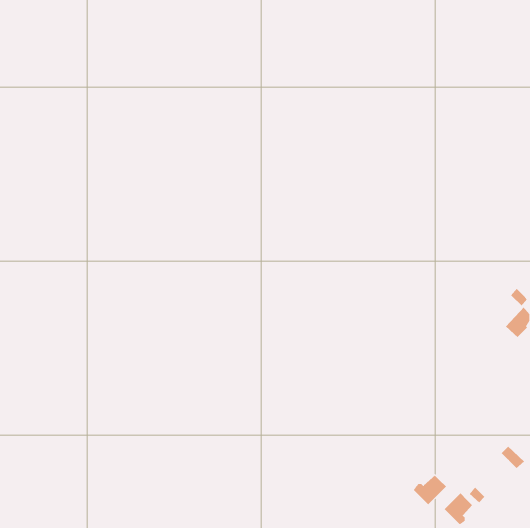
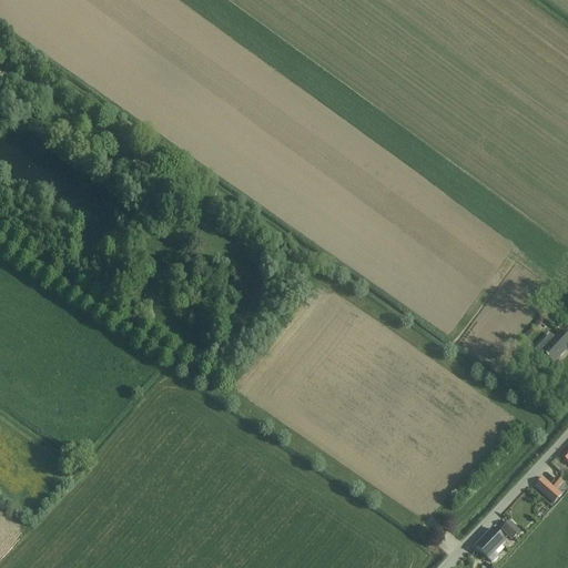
building: [413,475,447,505] -> none

